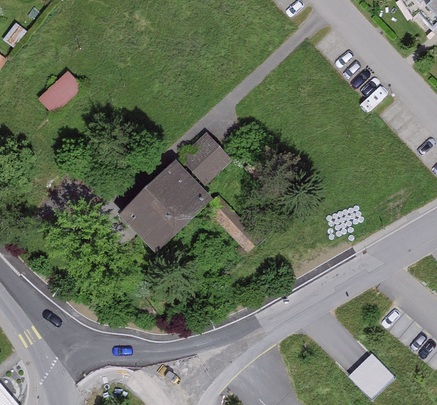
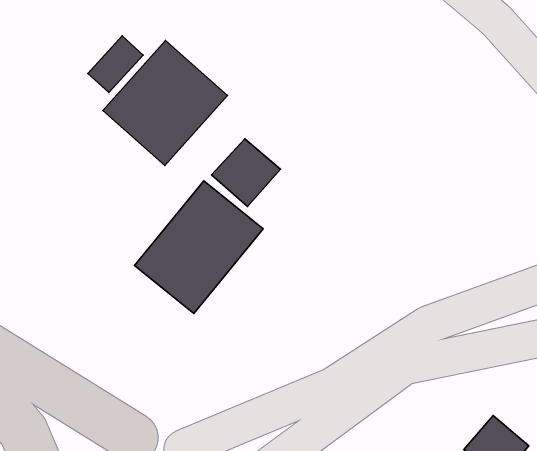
building: none -> [103,40,227,165]
building: [39,73,80,113] -> [88,36,143,92]

